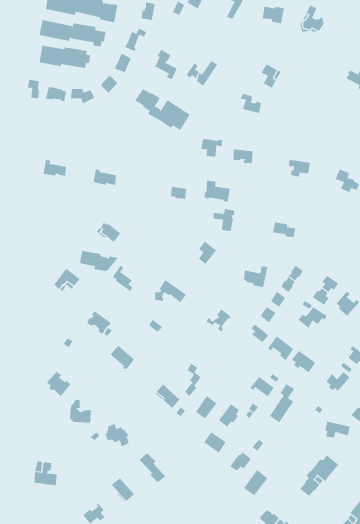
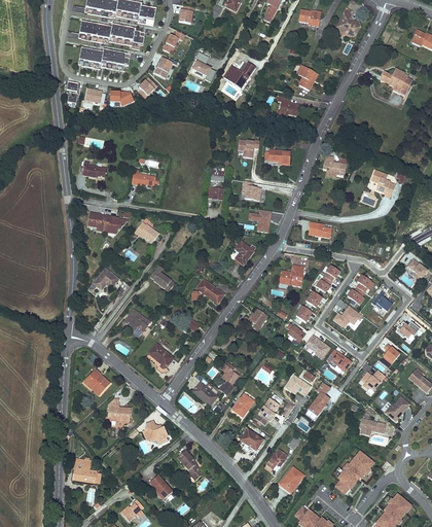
building: [135,88,191,131] -> none
building: [79,251,119,271] -> [88,212,128,233]

